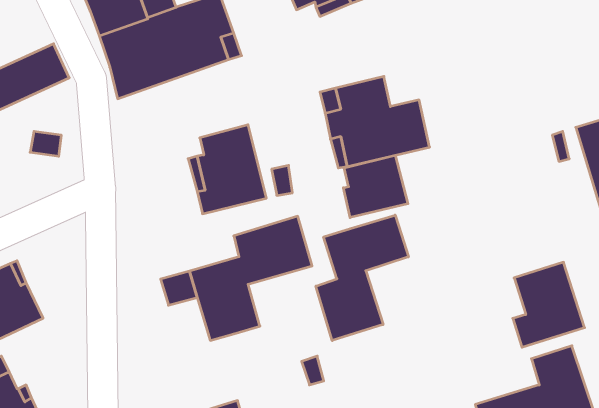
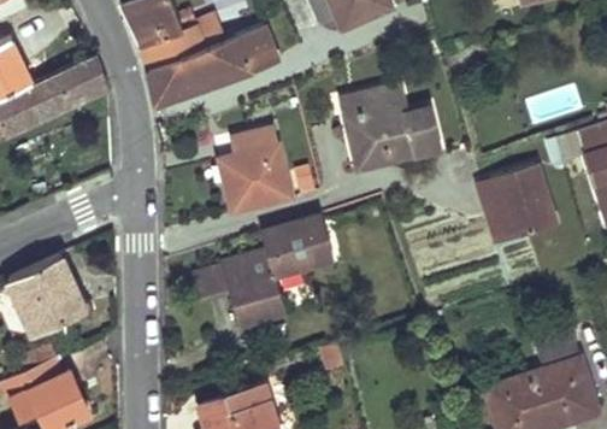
building: [343,155,408,218] -> none
building: [316,215,408,341] -> none
building: [513,262,585,347] -> [488,166,554,245]

